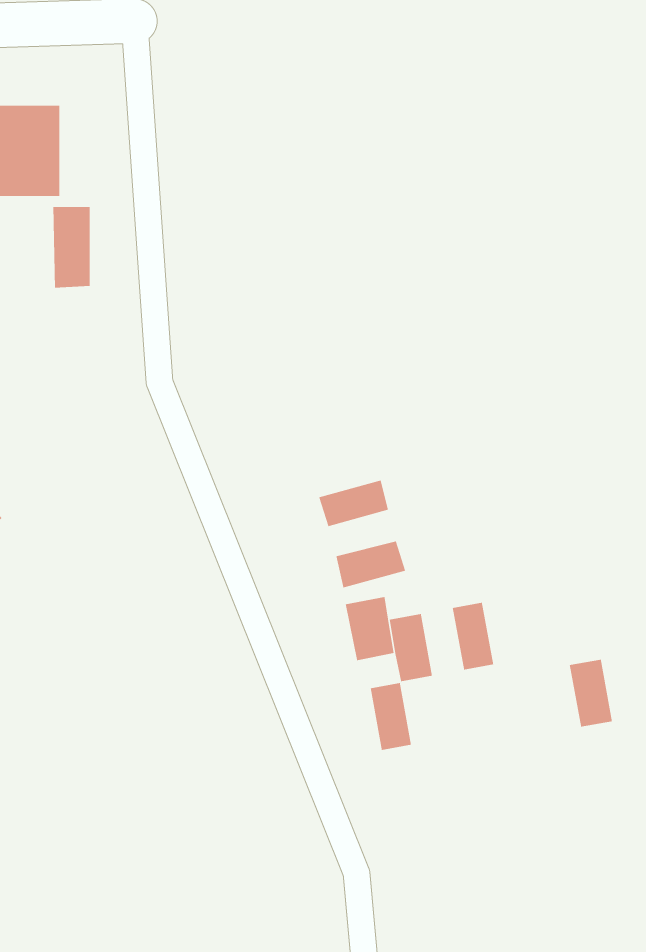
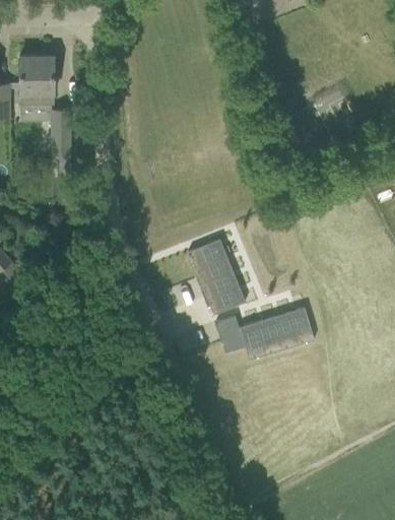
building: none -> [188,239,225,264]
building: none -> [197,271,234,296]
building: [569,659,613,728] -> [279,317,303,353]
building: [370,682,412,751] -> [247,323,269,360]

